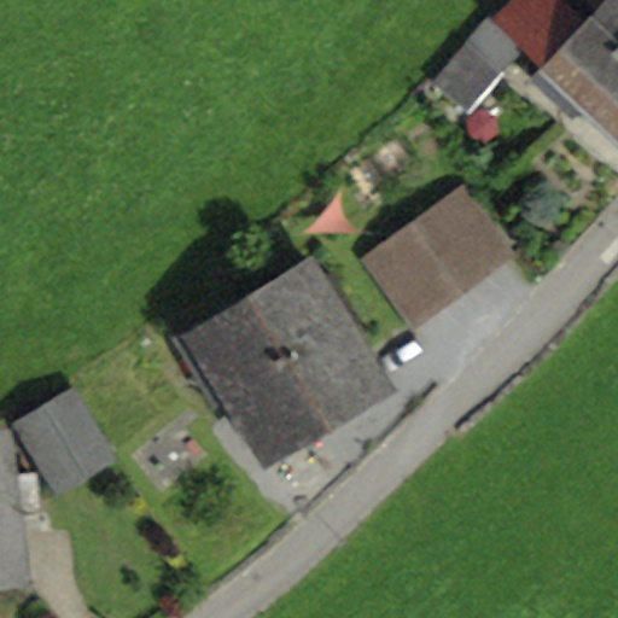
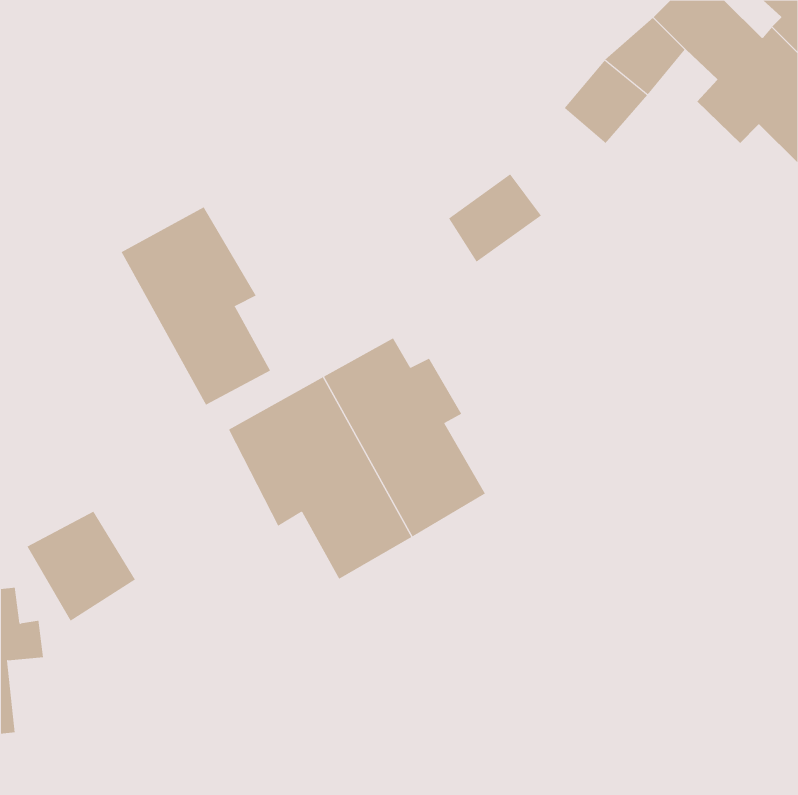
building: none -> [121,206,271,405]
building: [373,198,503,320] -> none

